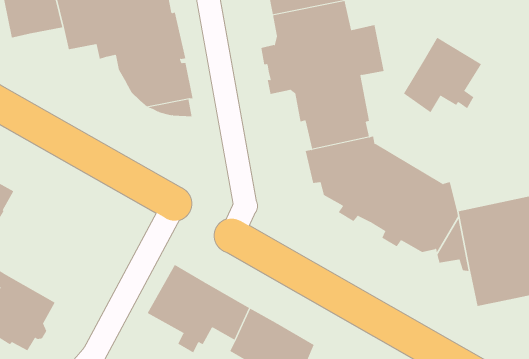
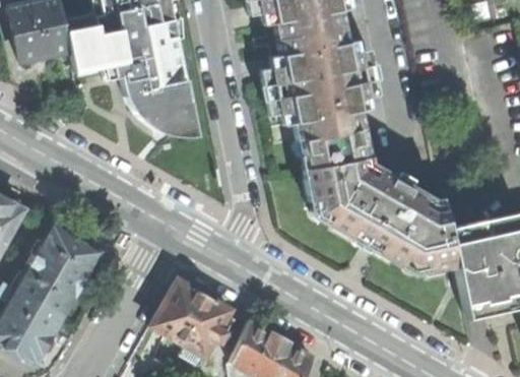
building: [403,37,482,113] -> none
building: none -> [17,225,98,315]

